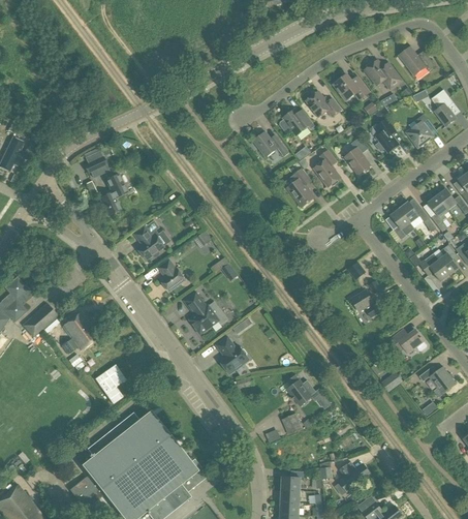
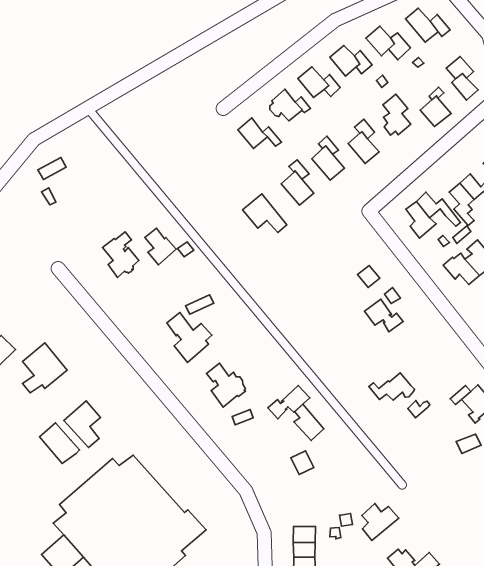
building: [98,174,126,215] -> none
building: none -> [243,194,287,233]
building: [158,261,184,292] -> [145,228,176,265]
building: [387,330,426,353] -> [369,373,415,400]
building: none -> [268,385,310,419]
building: none -> [39,423,80,464]

